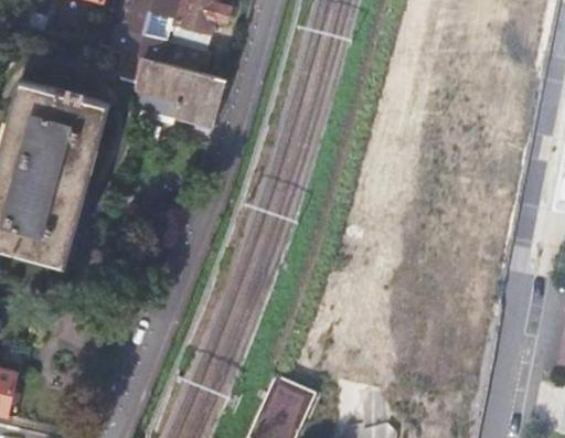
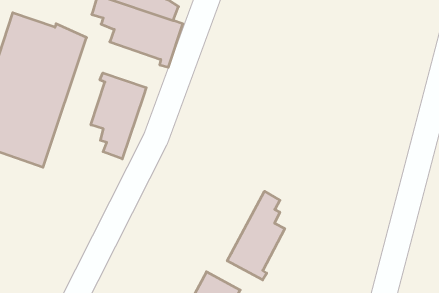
building: none -> [91,73,146,159]
building: none -> [227,191,285,280]

